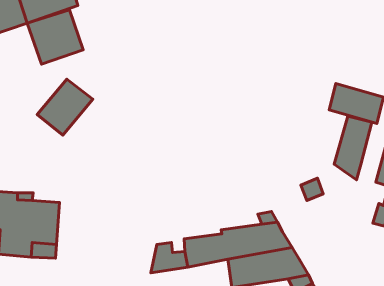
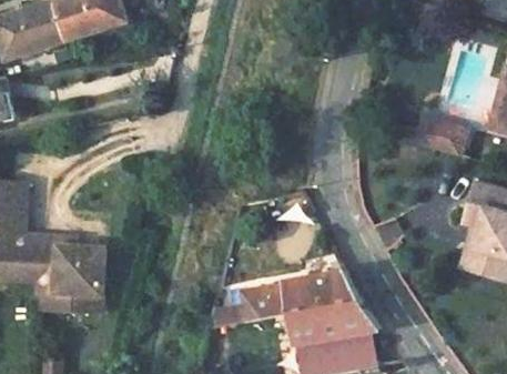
building: [27,10,83,64] -> none
building: [37,79,93,135] -> none
building: [334,116,372,180] -> none

